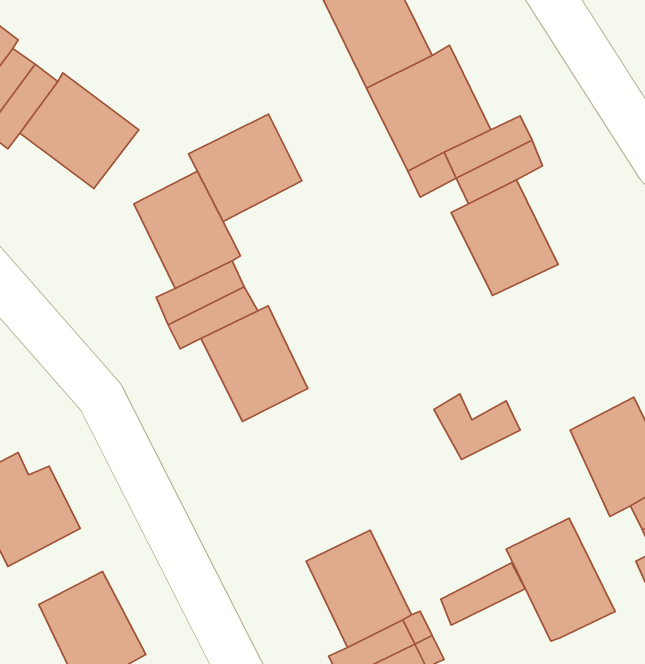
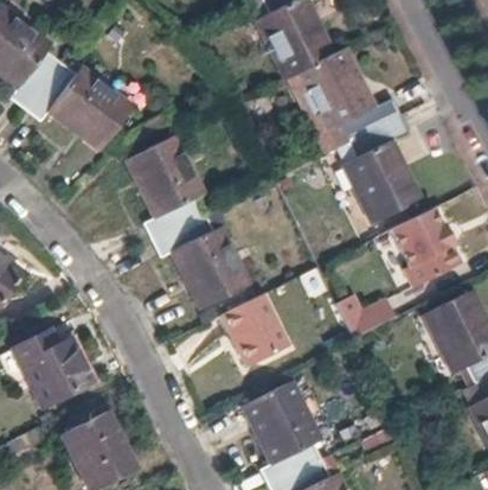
building: [189,114,302,222] -> none
building: none -> [390,205,460,288]
building: none -> [220,292,289,367]
building: [506,518,615,641] -> none

